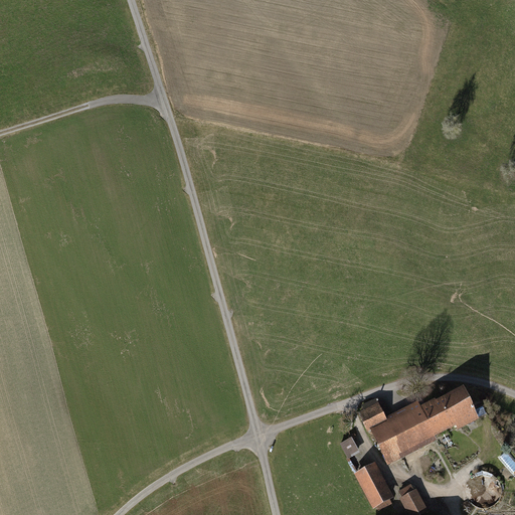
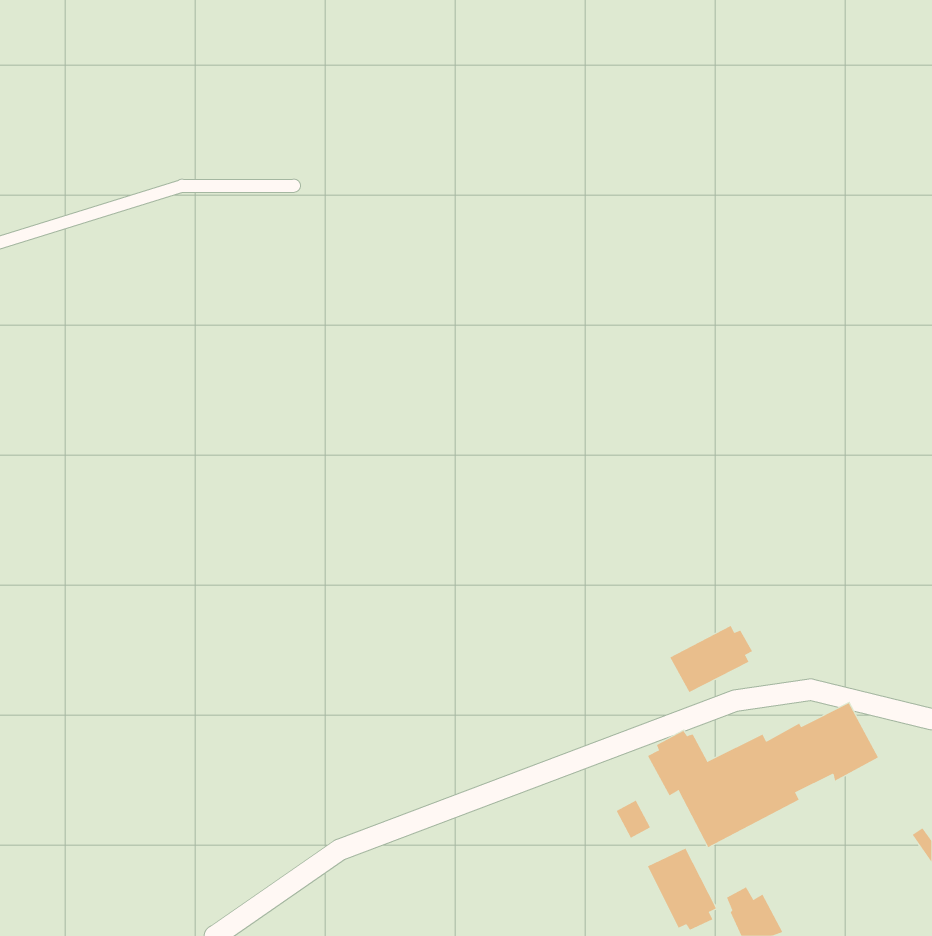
building: none -> [670,625,753,693]

